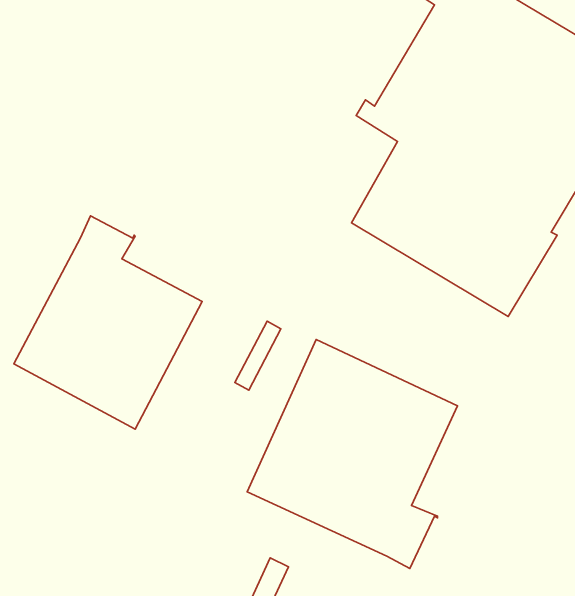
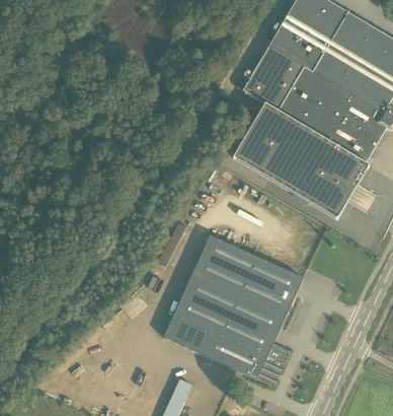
building: [14,216,202,429] -> none

